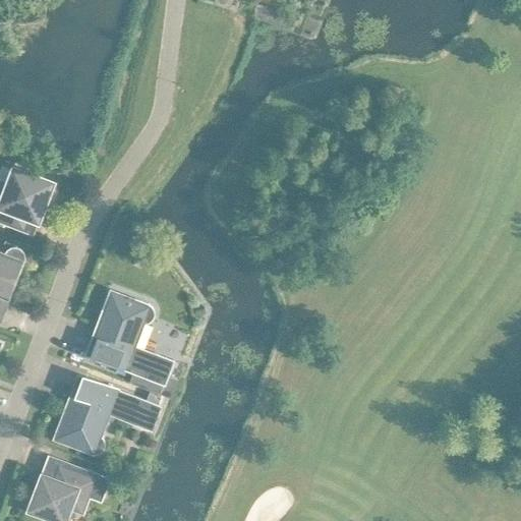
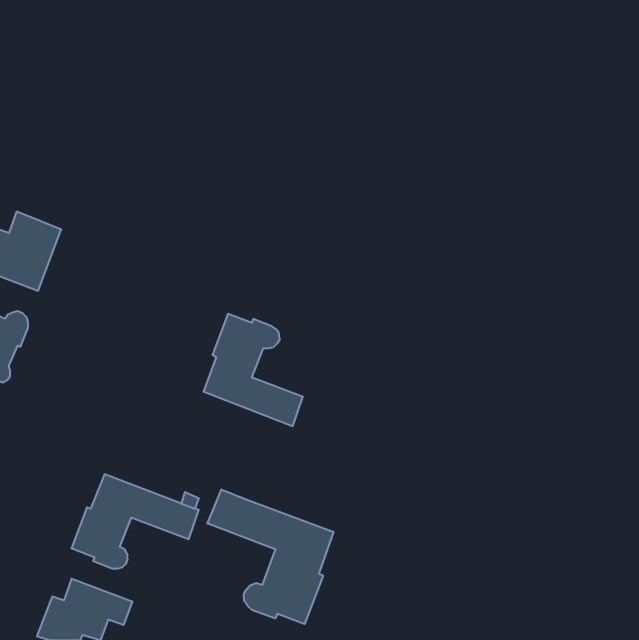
building: [92,295,171,385] -> [203,314,303,426]
building: none -> [207,489,333,624]

